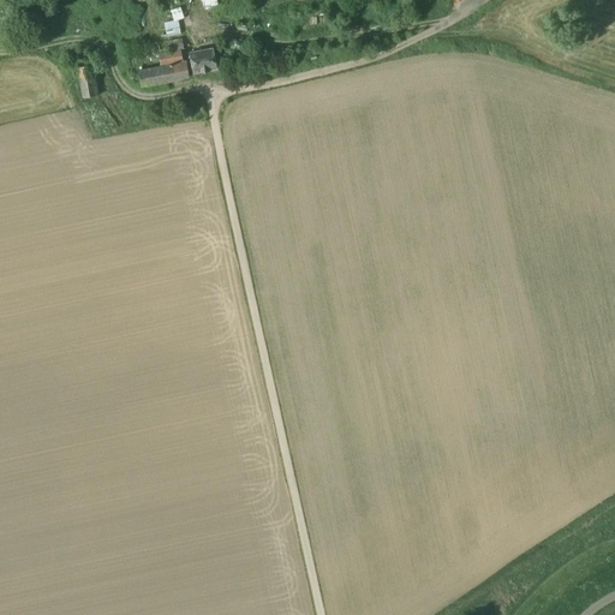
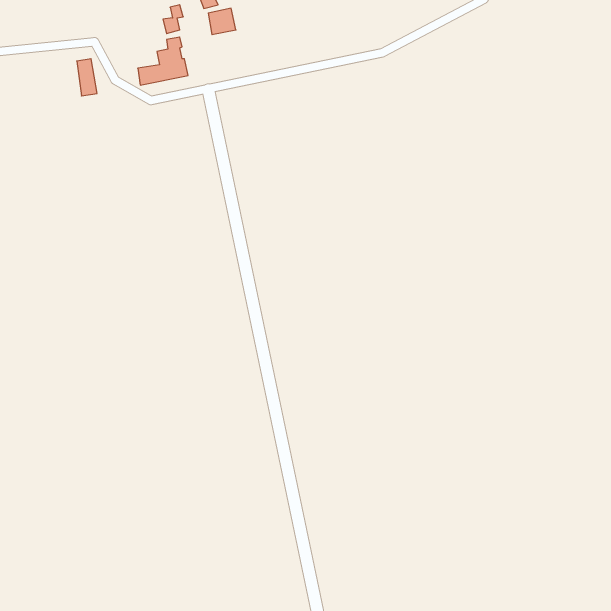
building: [189,46,216,72] -> [208,8,236,35]

